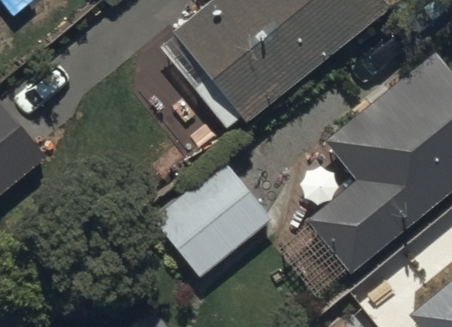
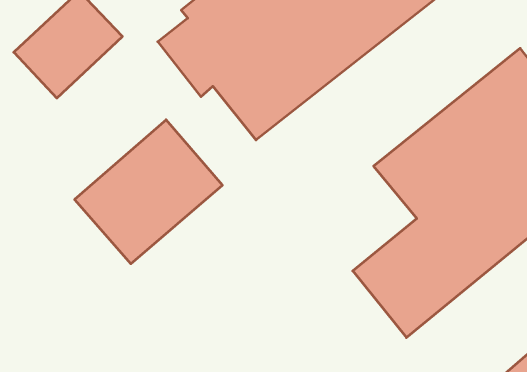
building: [154,161,267,271] -> [75,120,222,264]

